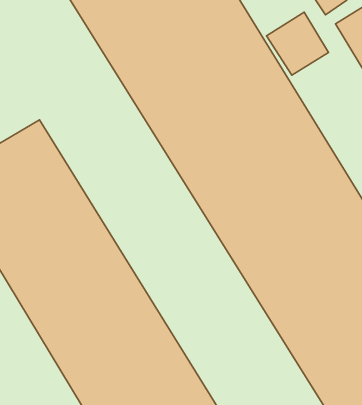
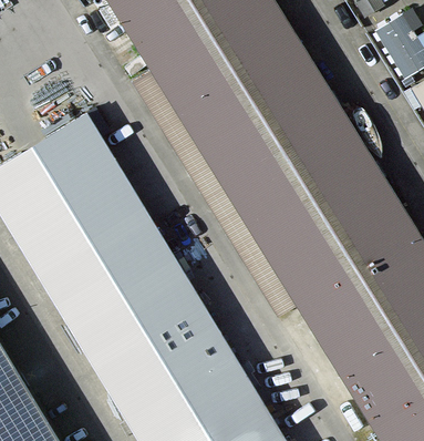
building: [267,12,329,75] -> none

